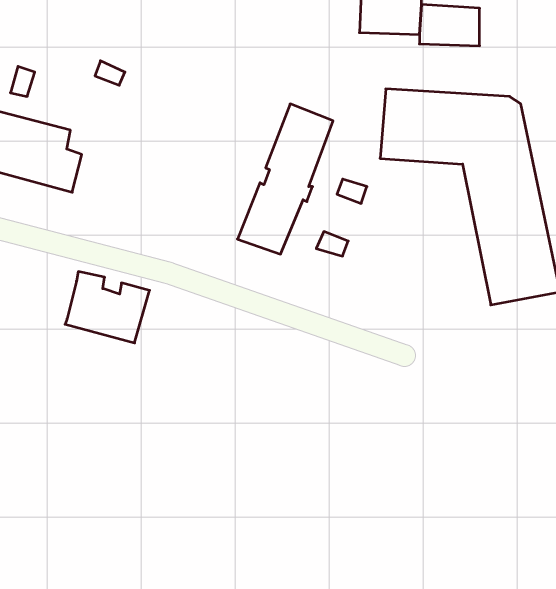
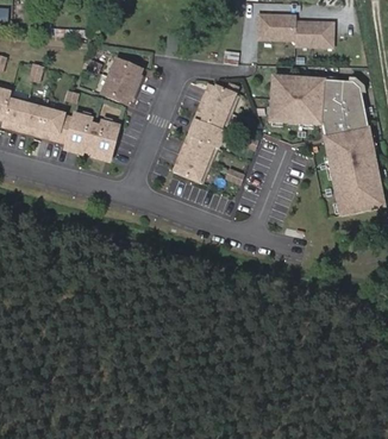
building: none -> [101,57,146,105]
building: [65,272,150,343] -> [73,113,126,158]

